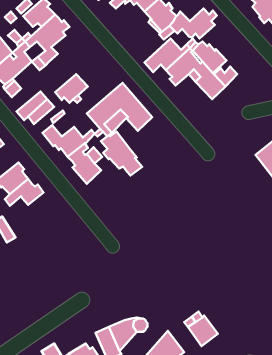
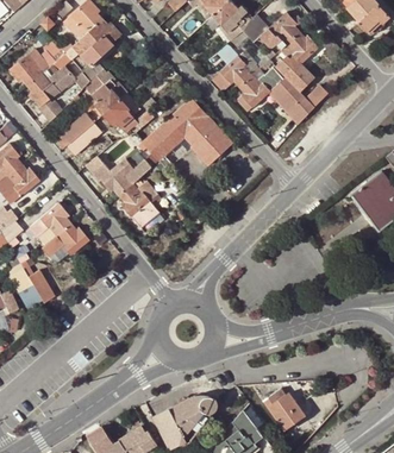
building: none -> [281,33,318,65]
building: none -> [86,69,129,117]
building: [101,131,142,175] -> none

